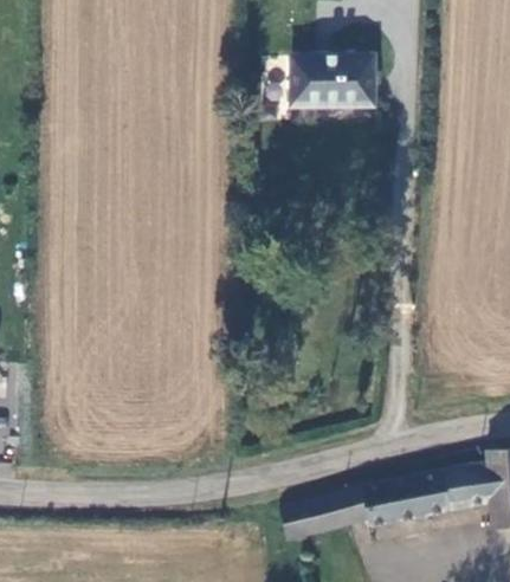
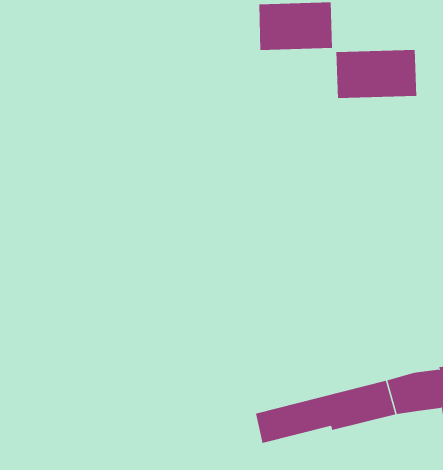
building: none -> [336,49,417,99]

